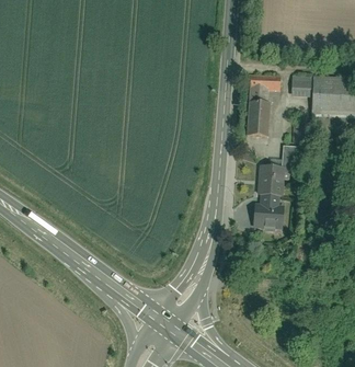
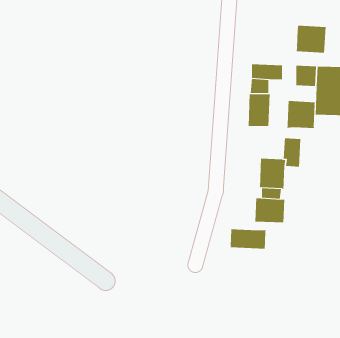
building: none -> [296,25,326,54]
building: none -> [287,100,315,129]
building: none -> [230,228,266,249]

